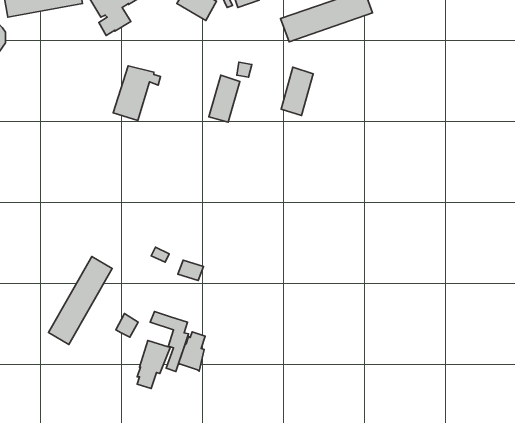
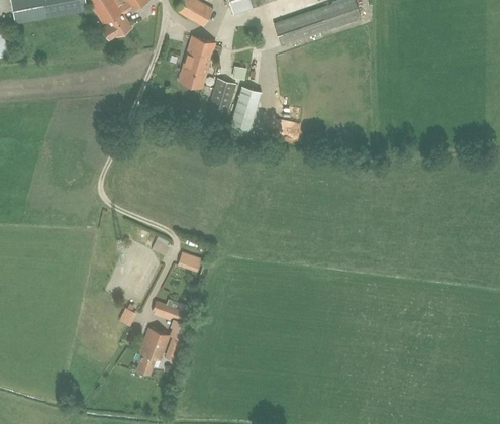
building: [113,66,160,120] -> [177,36,221,88]
building: [281,67,313,115] -> [230,85,261,130]
building: [49,257,112,345] -> none
building: [179,332,205,371] -> none

